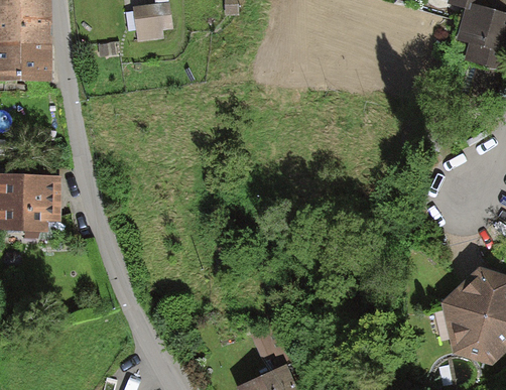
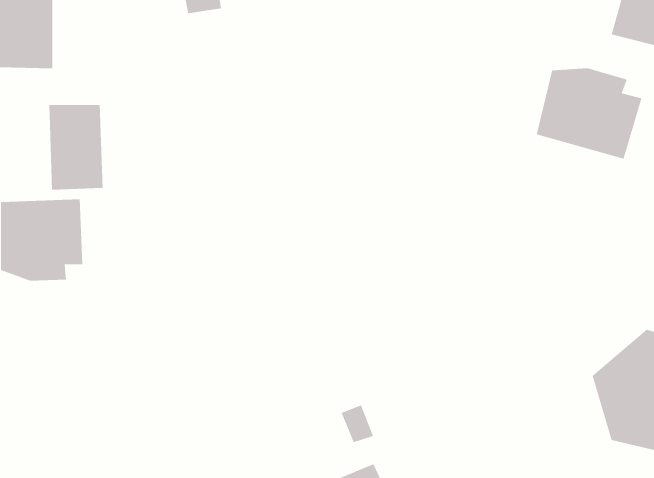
building: none -> [536,68,642,160]
building: none -> [49,104,103,190]

